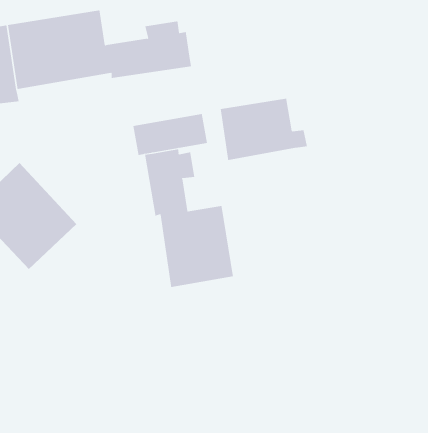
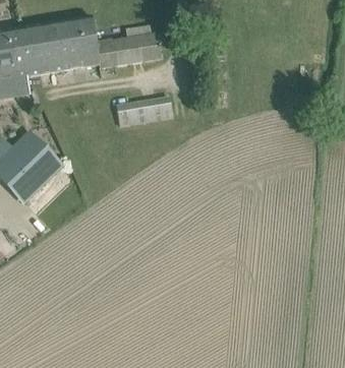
building: [220,98,308,161] -> none
building: [144,148,234,288] -> none

